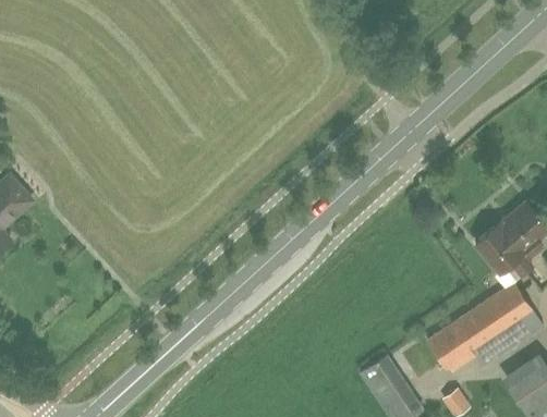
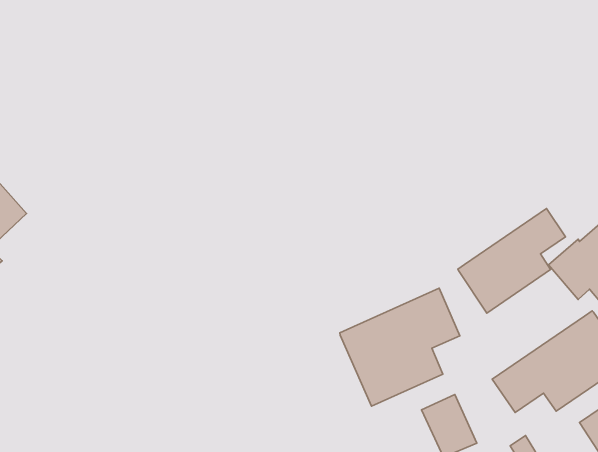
building: none -> [458,209,566,313]
building: none -> [340,288,460,406]

